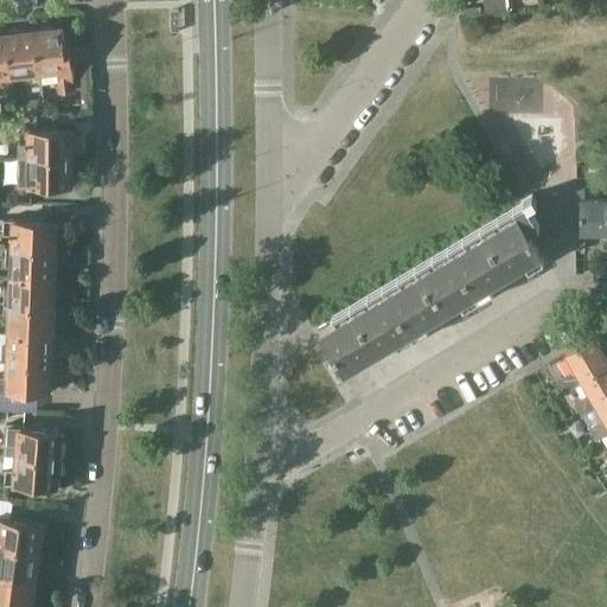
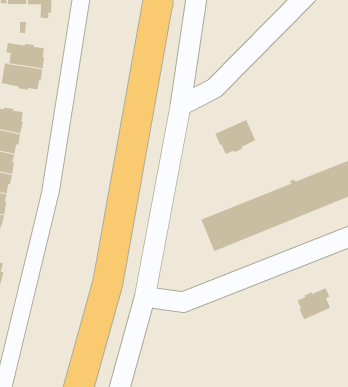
building: none -> [214,119,256,155]
building: none -> [297,287,331,320]

